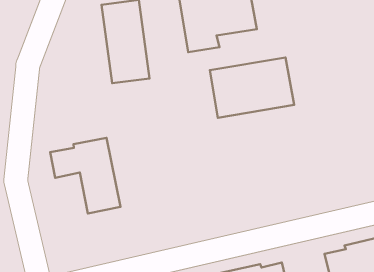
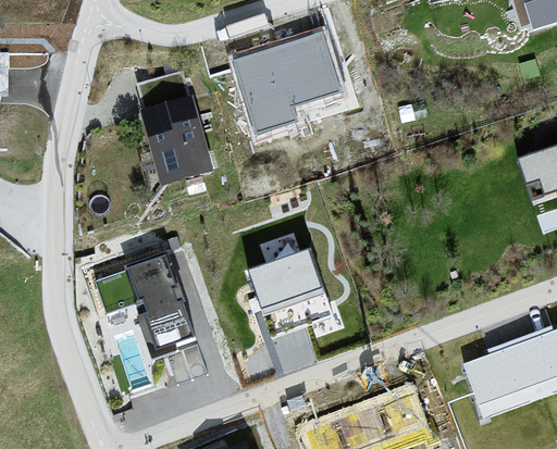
building: [210,58,294,118] -> none
building: none -> [247,247,334,338]

